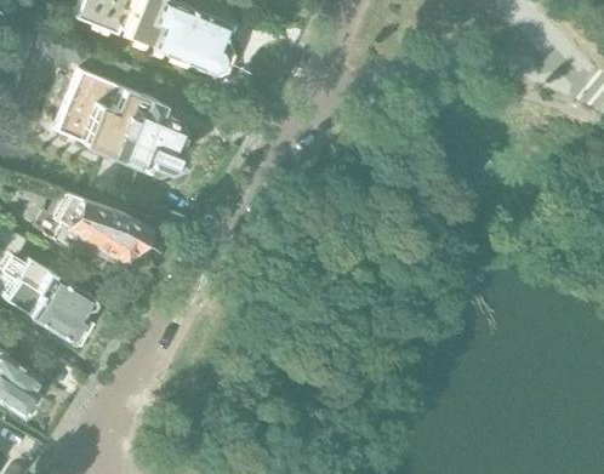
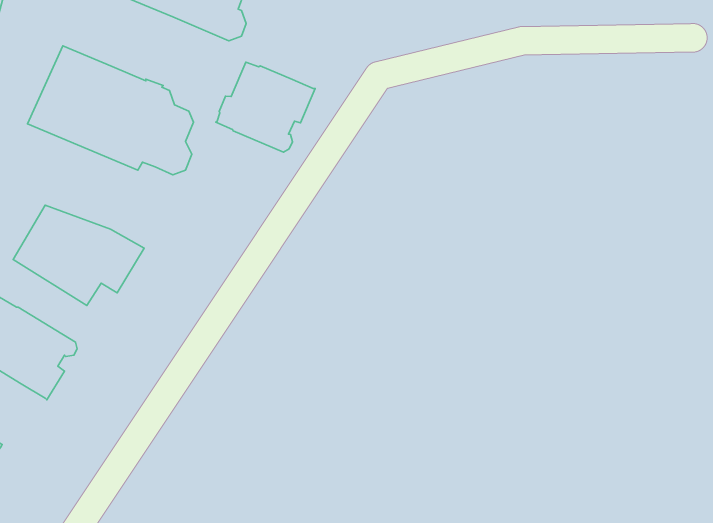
building: none -> [216,62,315,152]

